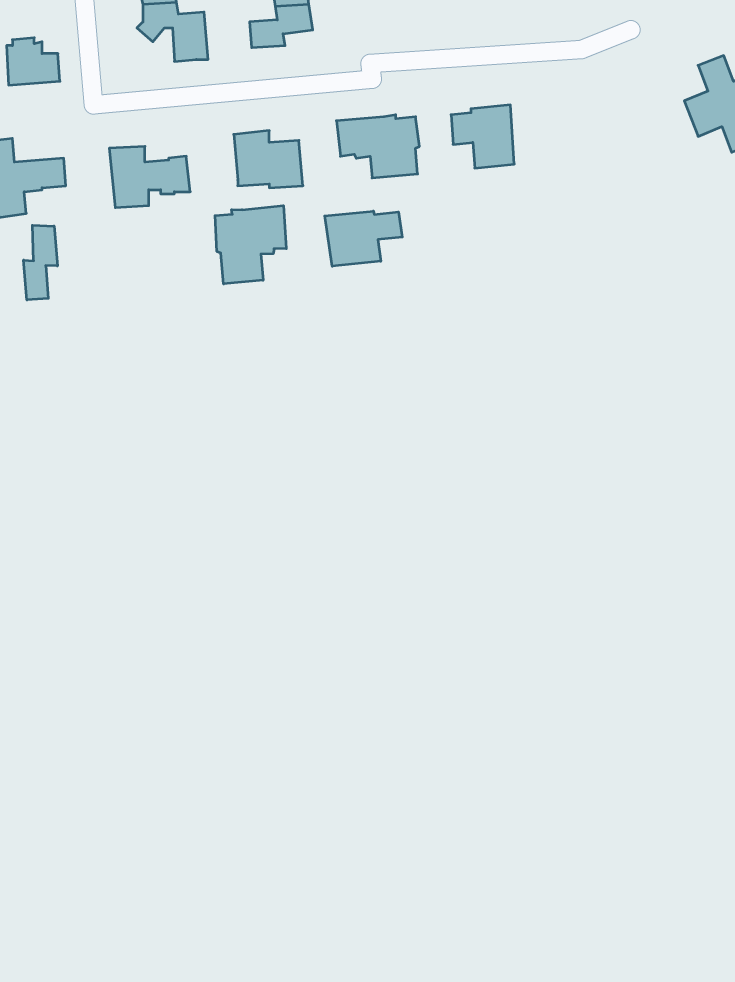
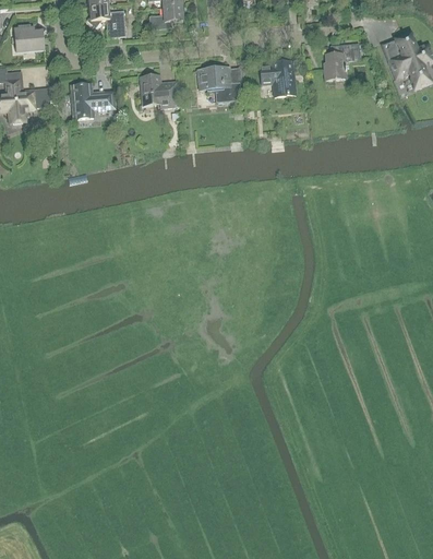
building: none -> [324,43,360,80]
building: [215,206,286,284] -> none
building: [325,211,402,266] -> none
building: [24,225,57,300] -> none

